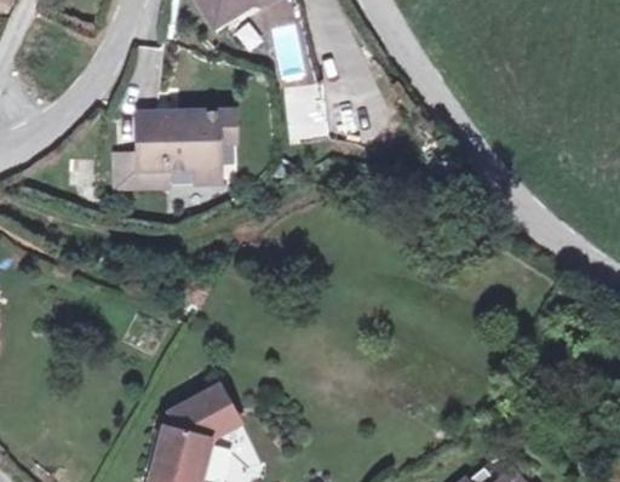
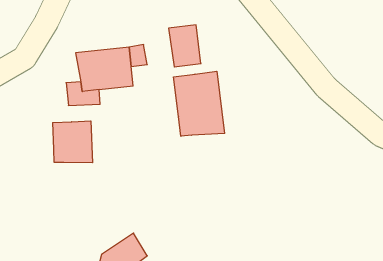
building: none -> [174,71,225,136]
building: none -> [53,121,92,163]

